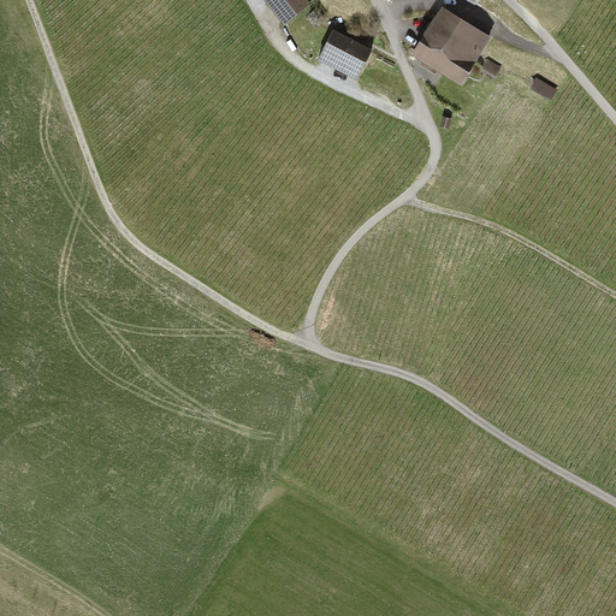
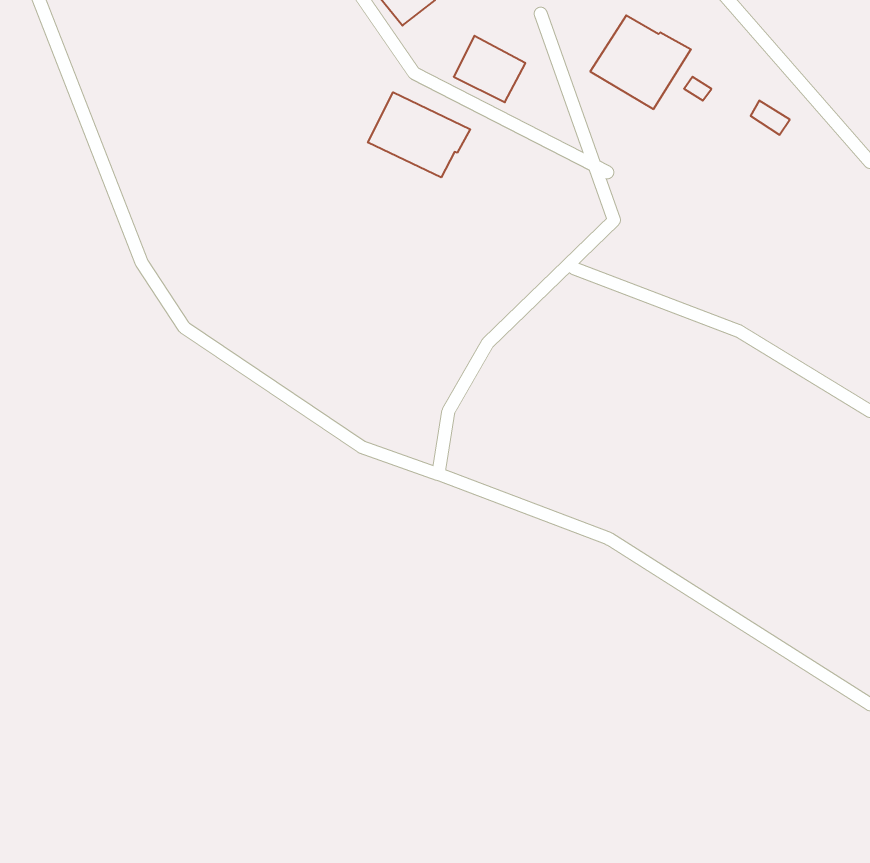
building: none -> [368,92,470,177]

